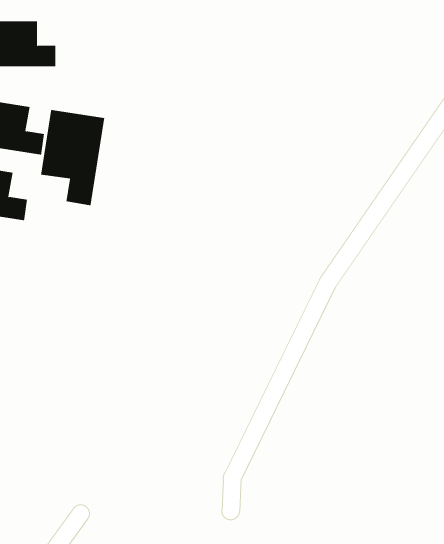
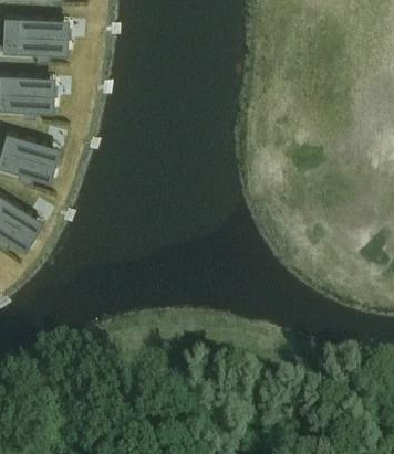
building: [41,109,105,206] -> none

